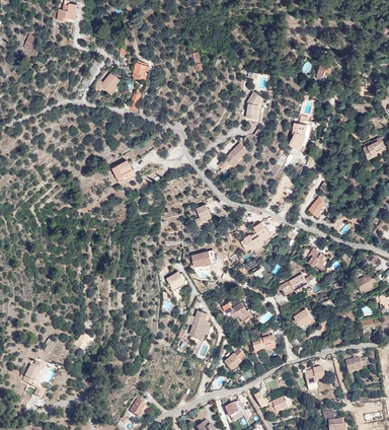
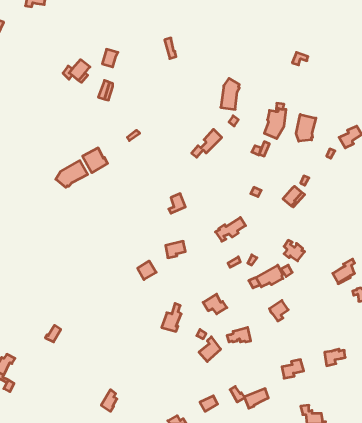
building: none -> [296,114,316,141]
building: none -> [56,161,88,187]

